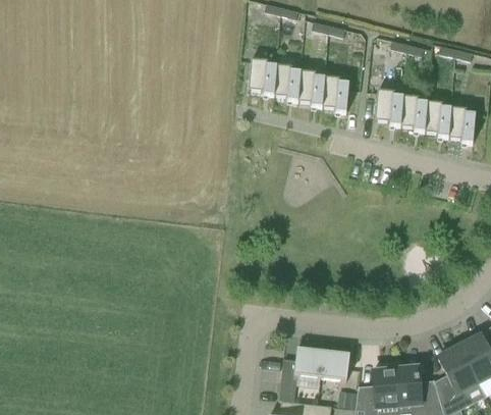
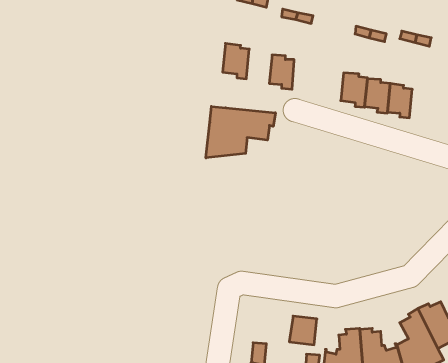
building: [274,65,302,102] -> none
building: [323,77,349,114] -> none
building: [448,108,476,145] -> none
building: none -> [206,106,275,158]
building: [294,348,324,378] -> none

